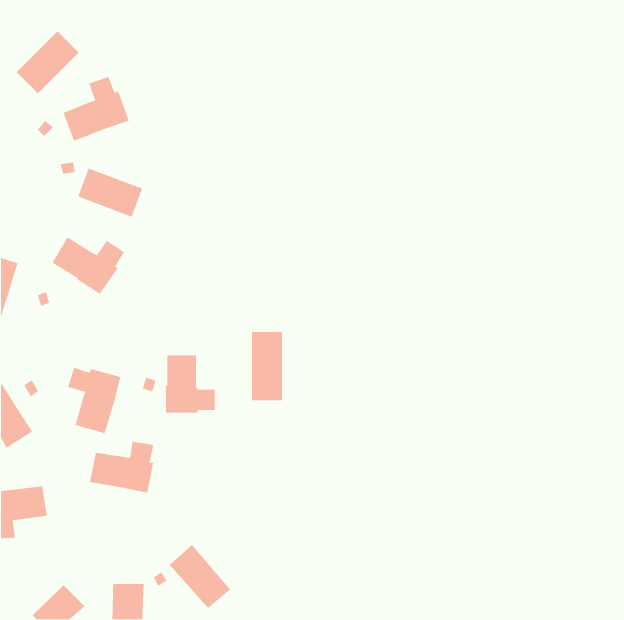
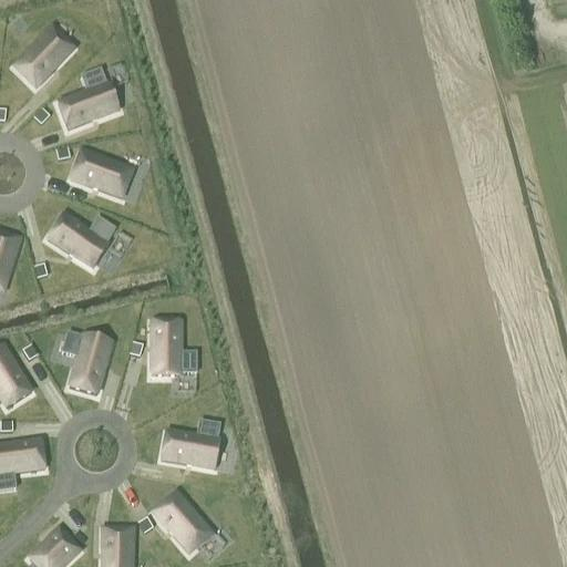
building: [251,331,283,401] -> none
building: [89,441,154,494] -> [161,421,219,468]

